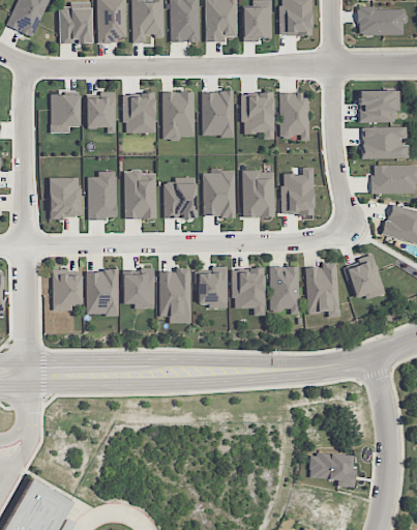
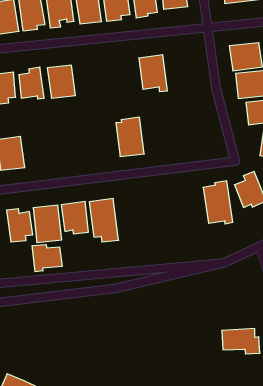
building: [161,91,193,139] -> none
building: [202,91,233,136] -> none
building: [279,93,307,141] -> none
building: [280,167,314,214] -> none
building: [241,170,274,217] -> none
building: [87,171,116,218] -> none
building: [123,171,155,218] -> none
building: [163,177,196,218] -> none
building: [197,266,227,308] -> none
building: [269,266,299,314] -> none
building: [232,268,264,315] -> none
building: none -> [32,245,62,272]

